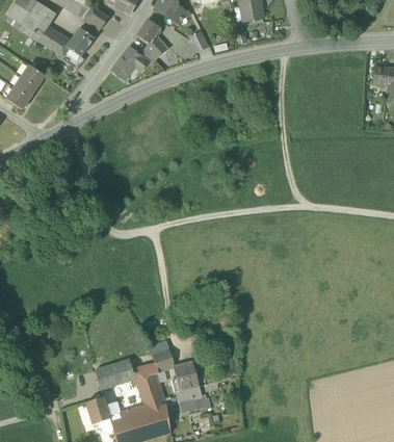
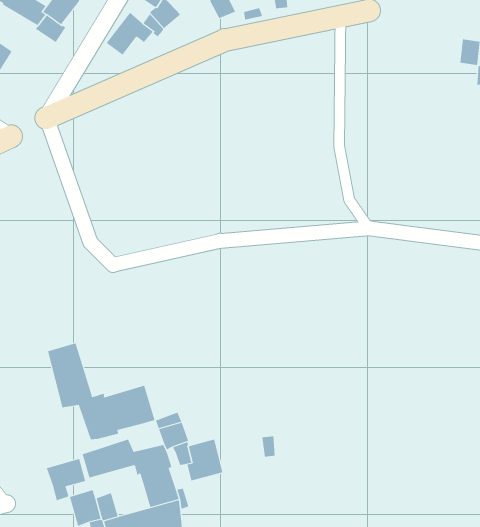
building: none -> [47,342,155,440]
building: none -> [46,458,86,501]
building: [175,384,206,411] -> none

